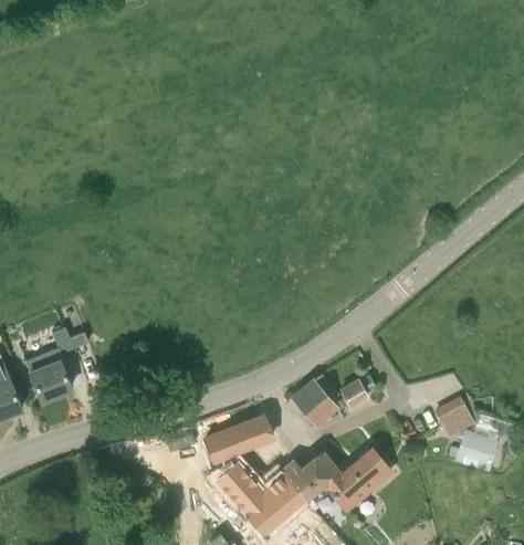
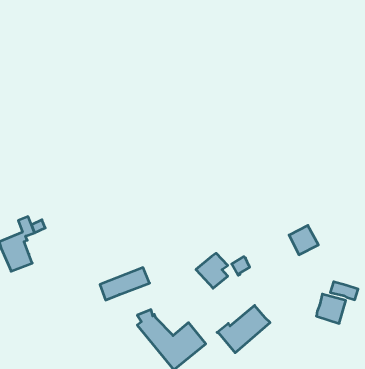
building: [436,397,475,437] -> [289,225,318,255]
building: [206,417,273,461] -> [100,268,150,300]
building: [283,452,337,507] -> none

